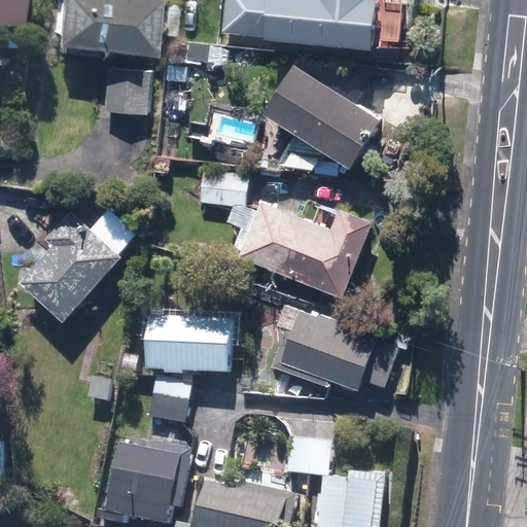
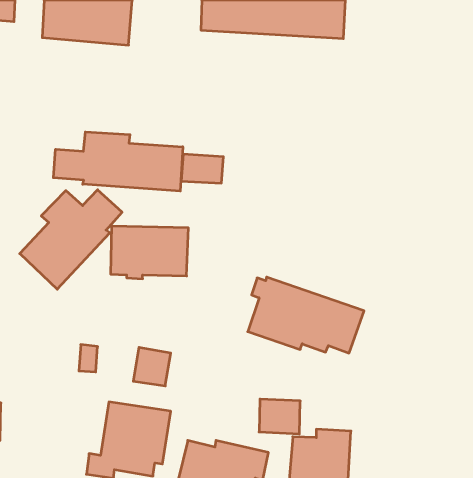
building: [265,64,385,169] -> none
building: [103,73,148,112] -> none
building: none -> [53,132,183,191]
building: [238,201,372,297] -> none
building: [146,320,232,378] -> [111,226,188,279]

